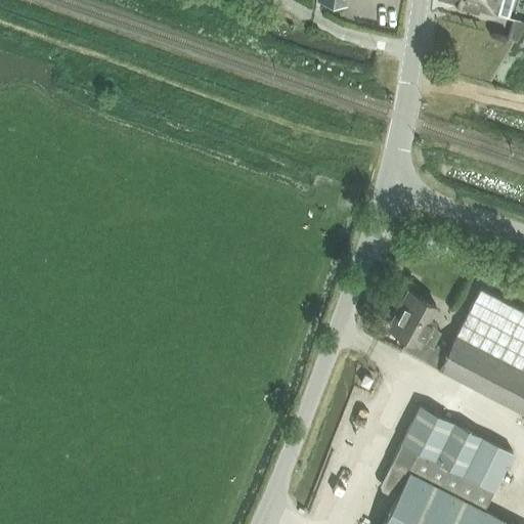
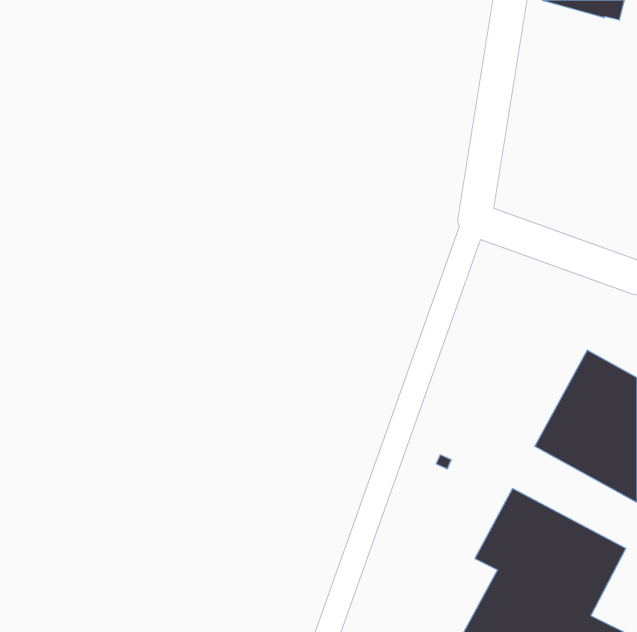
building: [390,294,443,365] -> none

